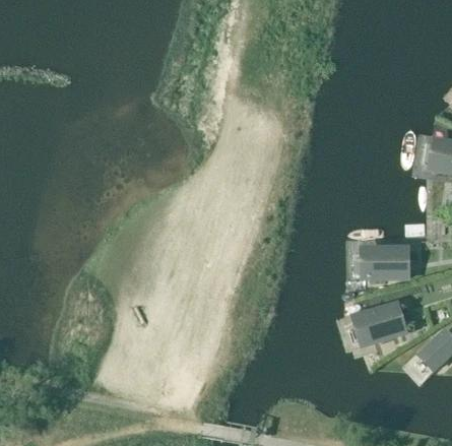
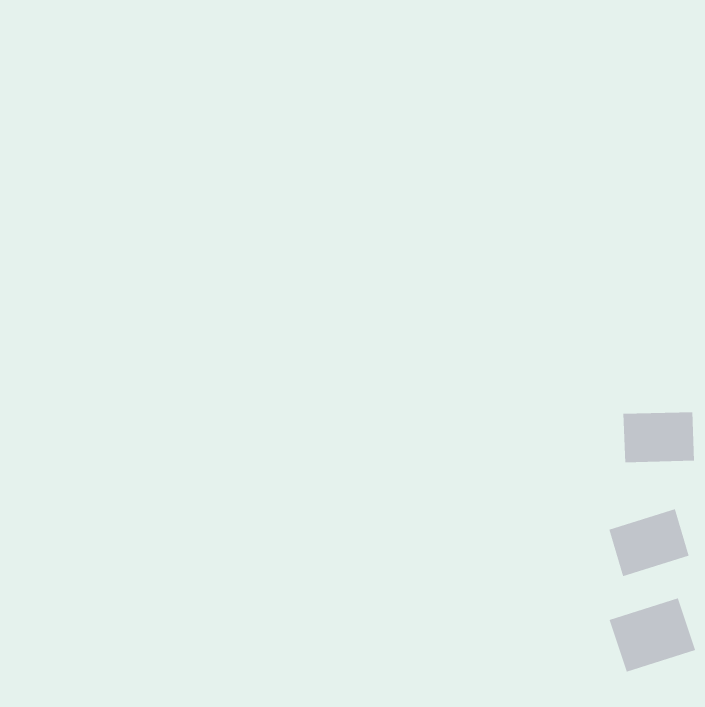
building: none -> [609,598,696,672]

